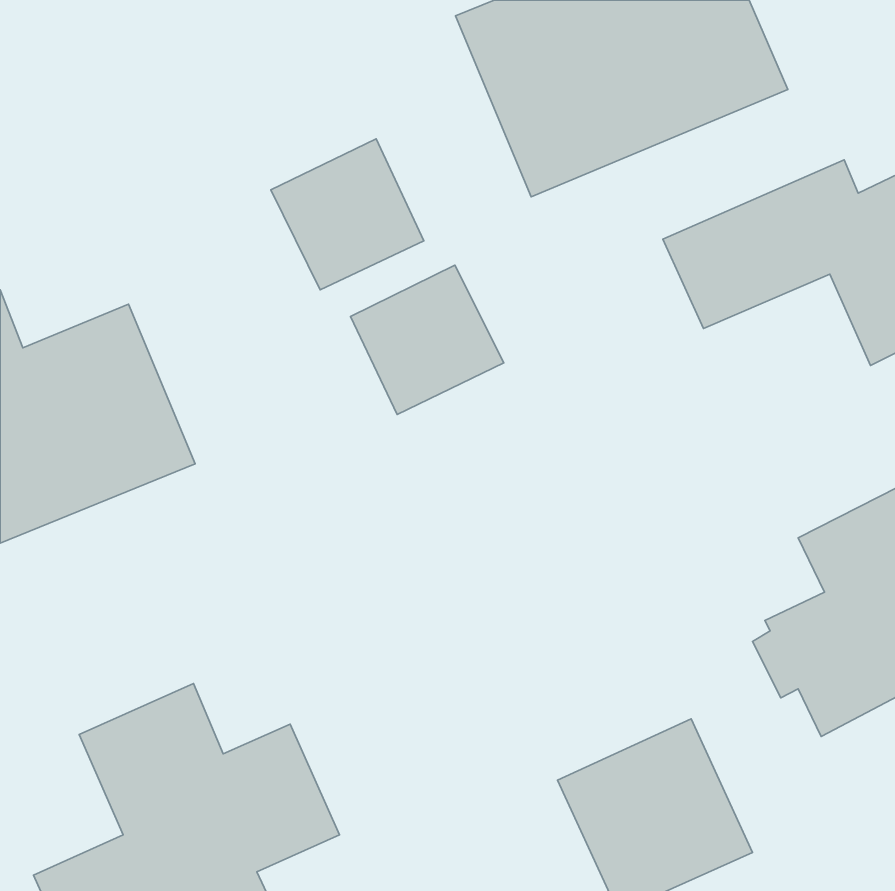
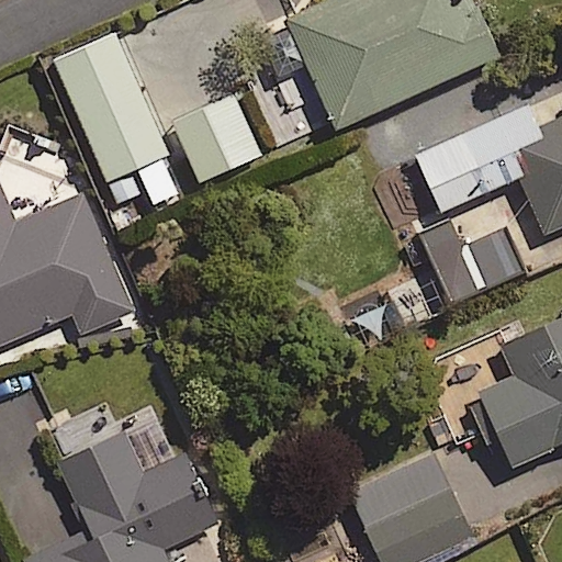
building: none -> [56,34,184,205]
building: [351,265,504,414] -> none
building: none -> [419,218,526,305]

